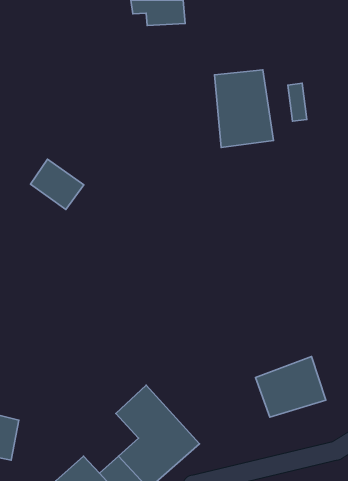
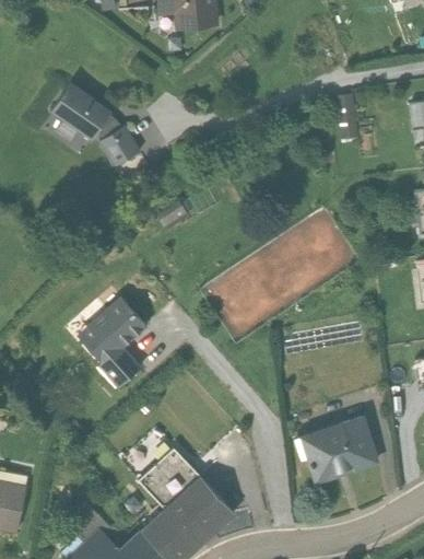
building: [214,70,273,147] -> none
building: none -> [102,130,141,168]
building: [30,159,84,210] -> [50,86,111,144]
building: none -> [74,296,148,387]

